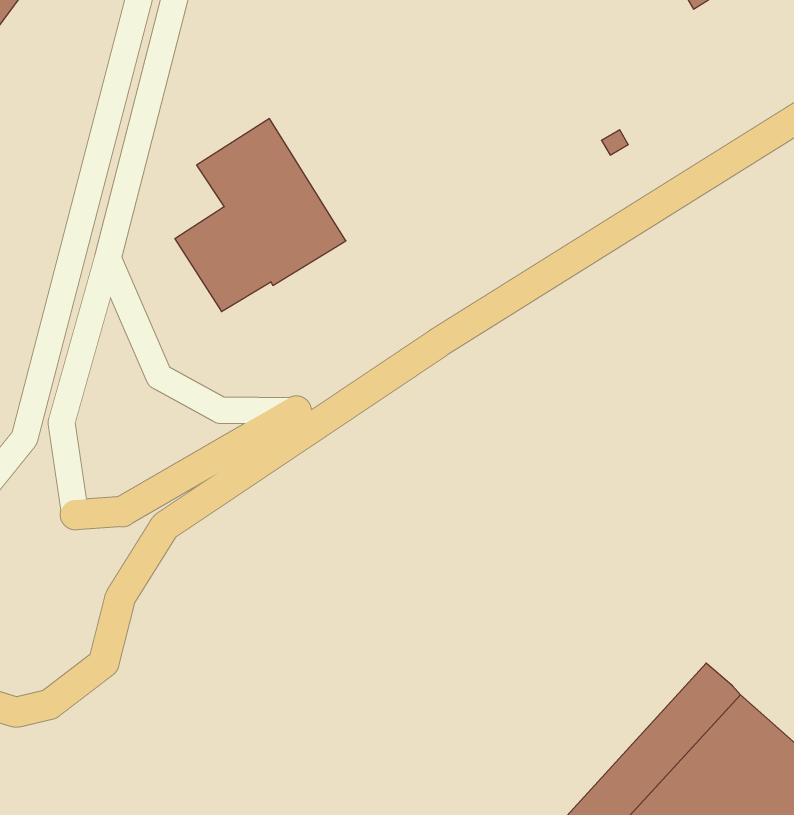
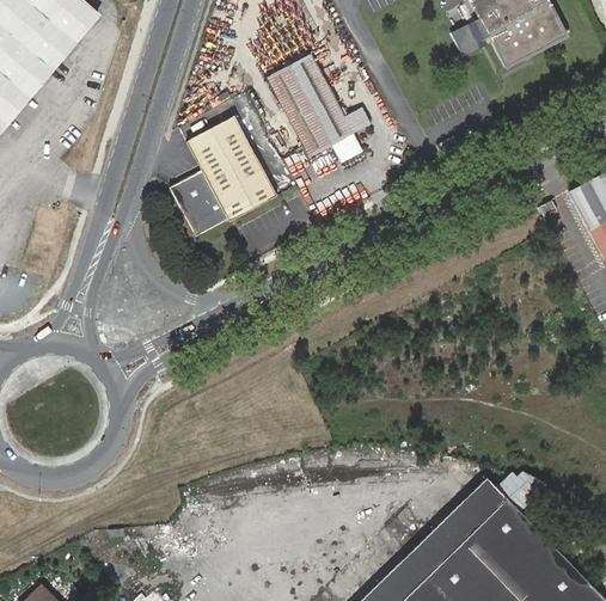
building: none -> [267,54,371,164]

